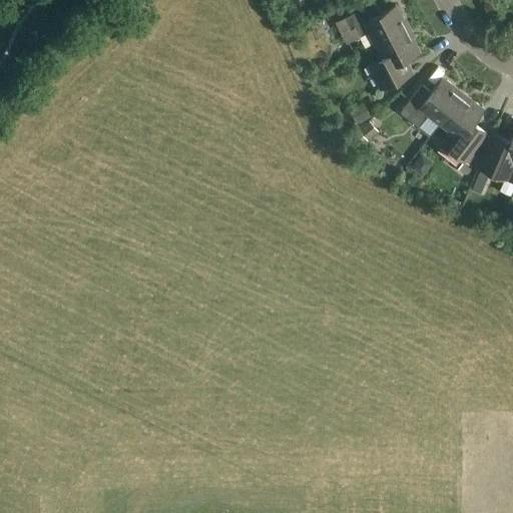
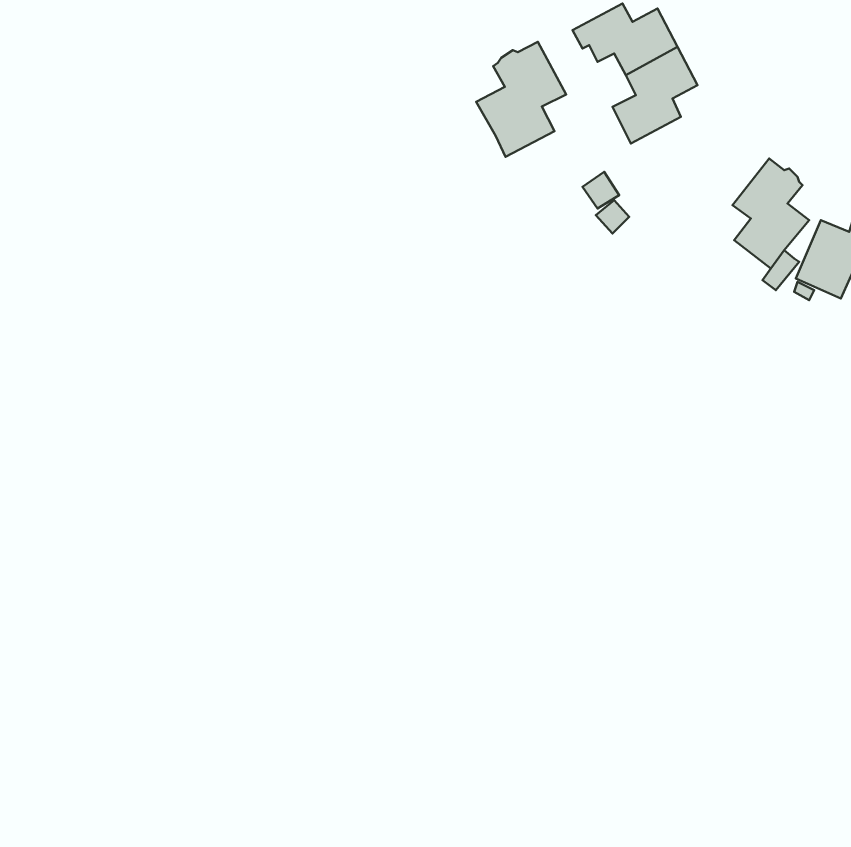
building: none -> [476,42,566,157]
building: [401,82,463,138] -> none

